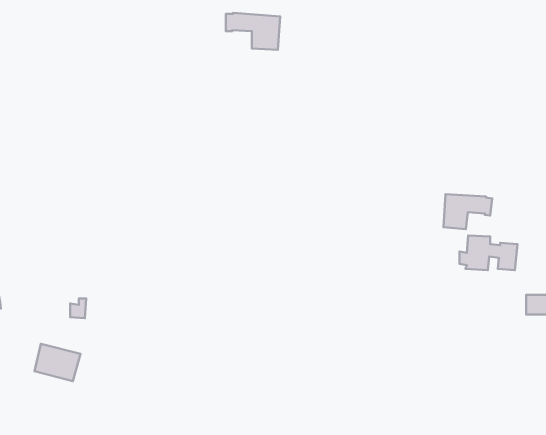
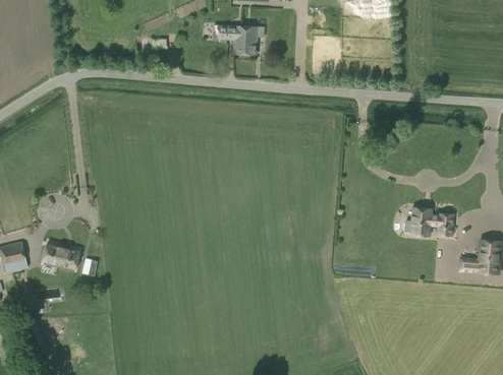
building: [444,194,492,229] -> none
building: [35,344,80,381] -> [44,241,81,271]

